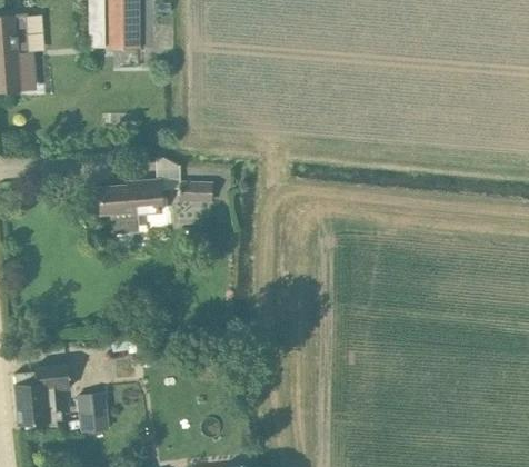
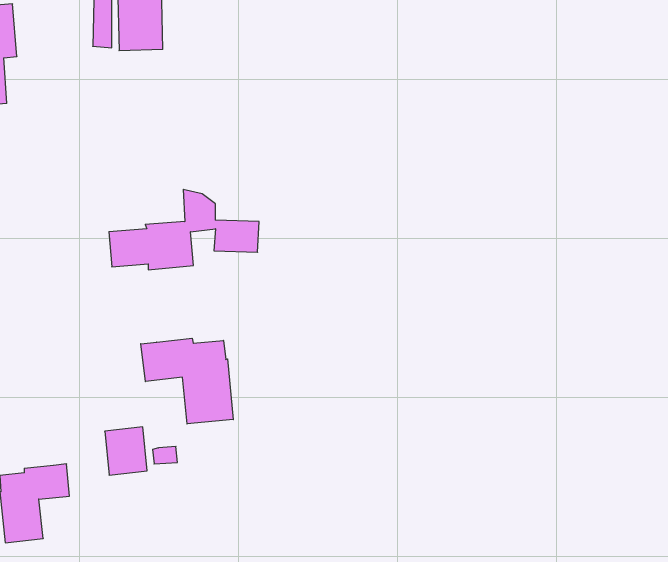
building: none -> [141,338,233,424]
building: [79,396,111,433] -> [105,427,147,475]

